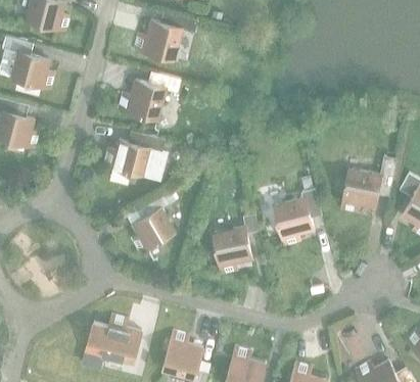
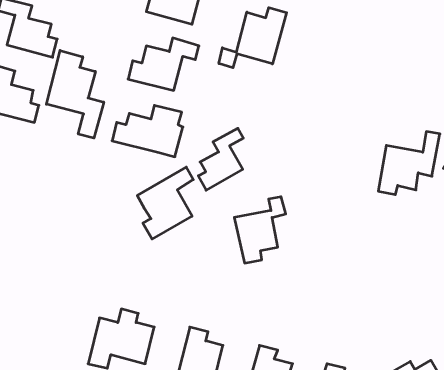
building: none -> [219,8,287,68]
building: none -> [46,50,104,138]
building: none -> [198,128,243,190]
building: [274,189,319,247] -> none

